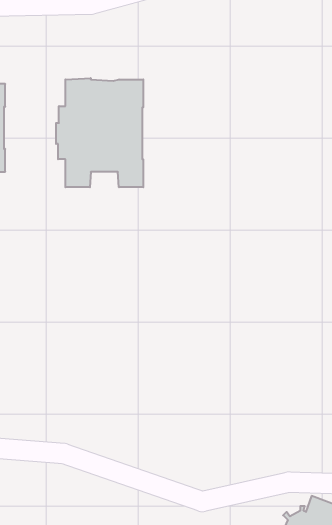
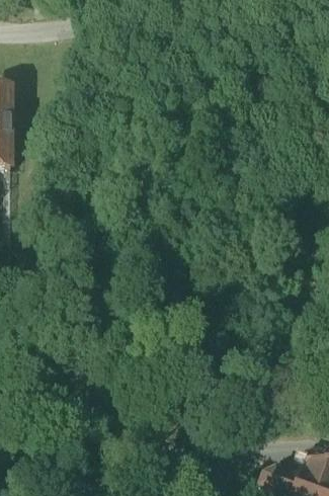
building: [56,78,143,187] -> none

